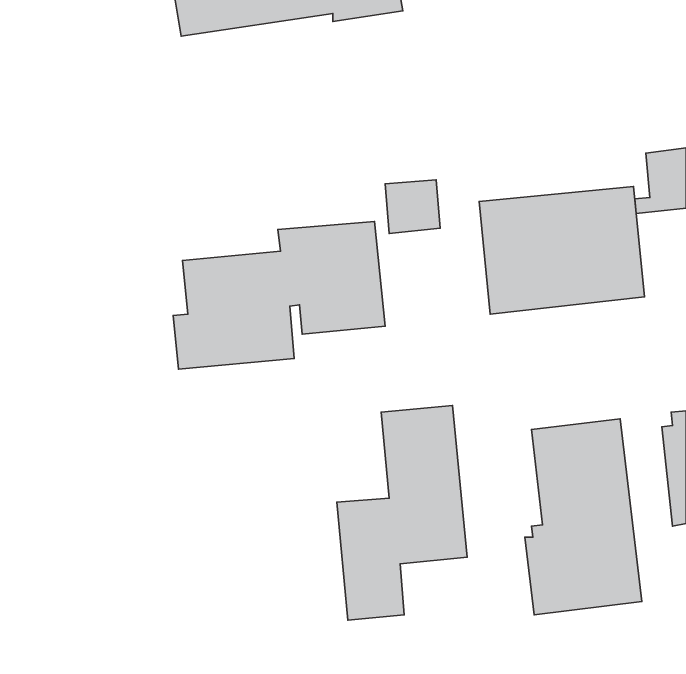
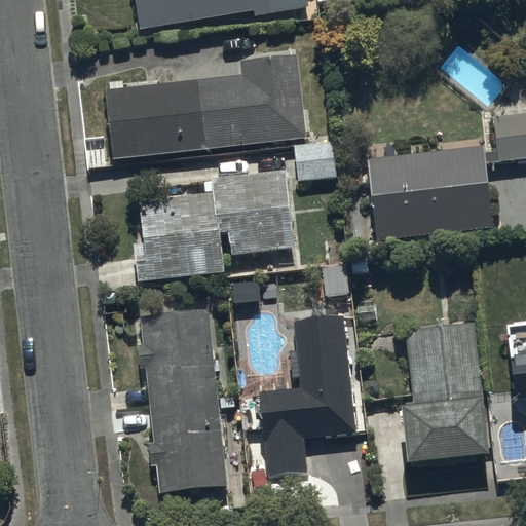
building: none -> [104,53,308,159]
building: none -> [137,308,228,492]

